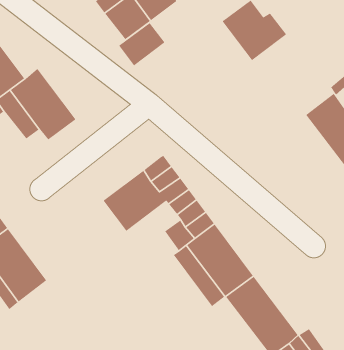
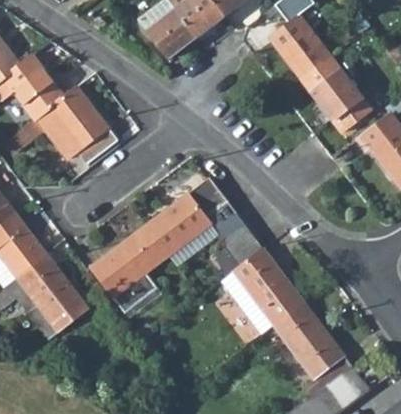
building: [118,22,165,67] -> none
building: none -> [302,56,371,132]
building: none -> [91,225,170,311]

